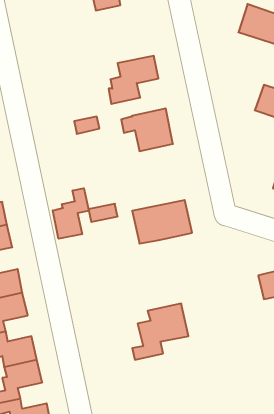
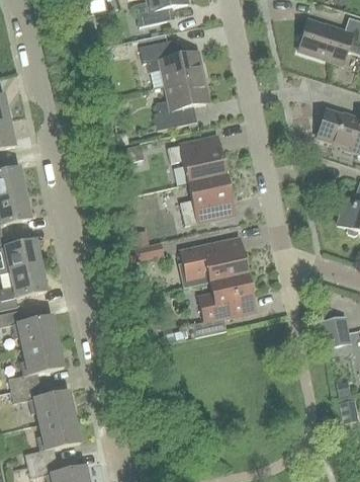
building: none -> [139,39,204,84]
building: none -> [180,174,234,225]
building: [53,188,89,239] -> none
building: [132,304,188,360] -> [192,273,255,336]

